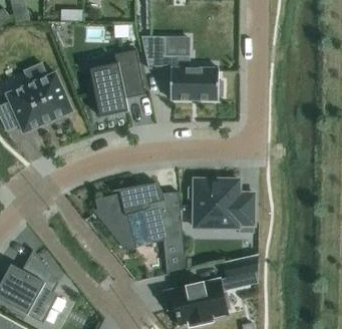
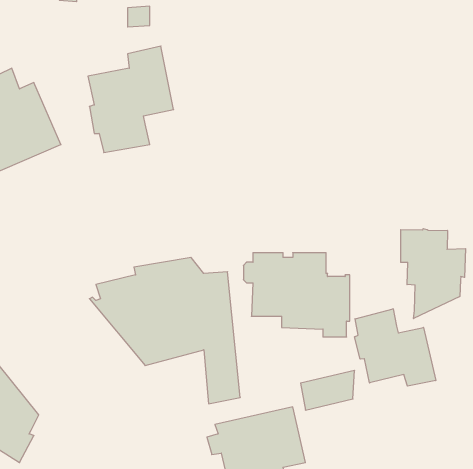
building: [140,36,223,100] -> none
building: none -> [401,229,465,319]
building: none -> [355,309,436,386]

